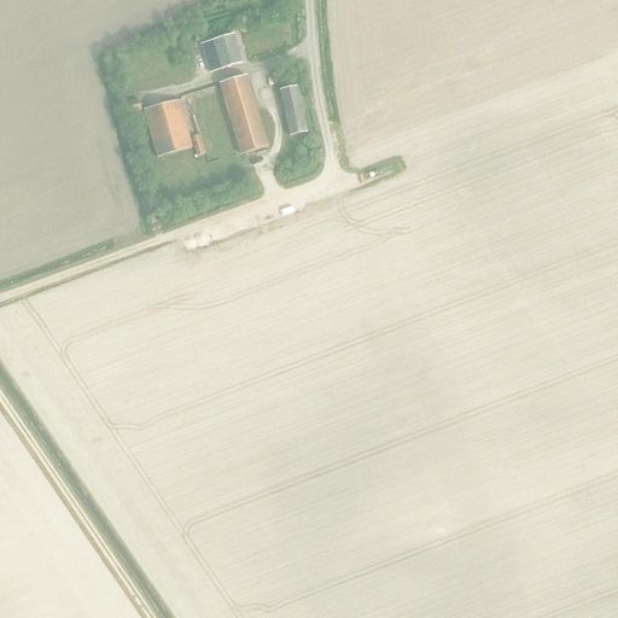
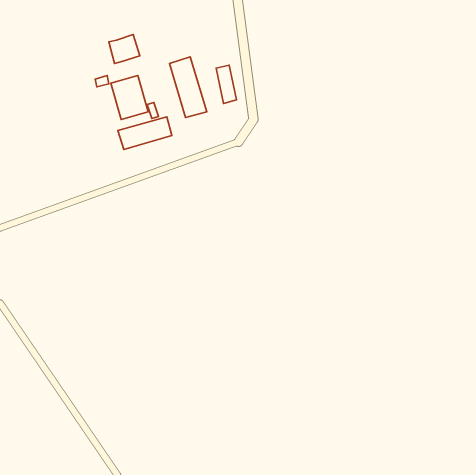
building: [202,33,241,70] -> [109,34,140,63]
building: none -> [118,117,172,150]

